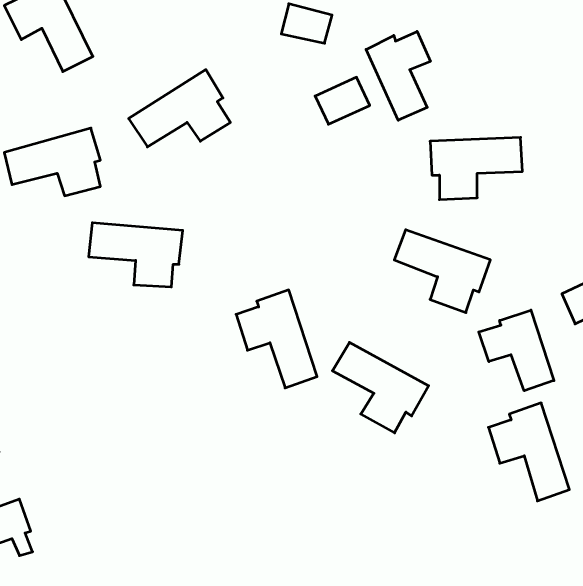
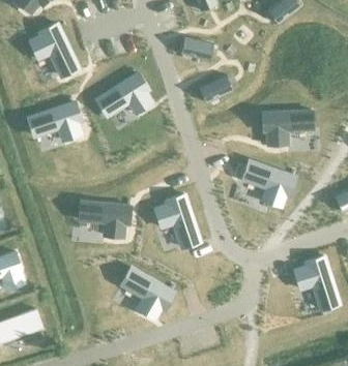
building: [366,31,430,120] -> none
building: [89,223,183,287] -> [79,202,131,237]
building: [479,310,554,391] -> none
building: [332,342,429,433] -> [121,269,174,318]

